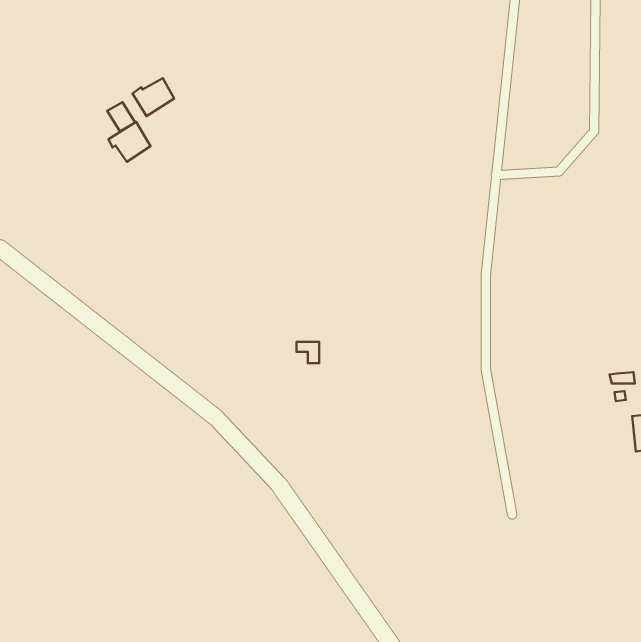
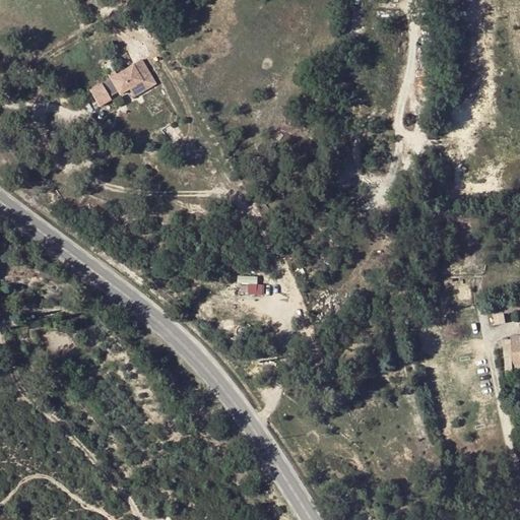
building: [108,122,151,162] -> none

